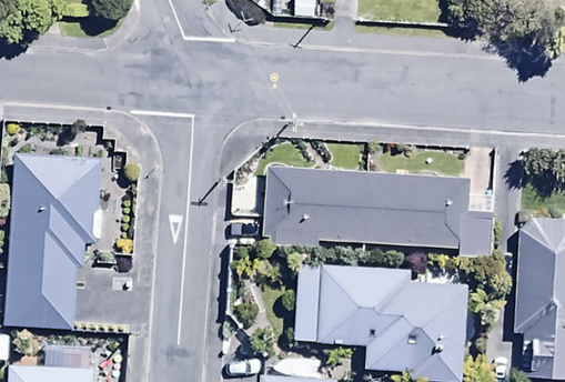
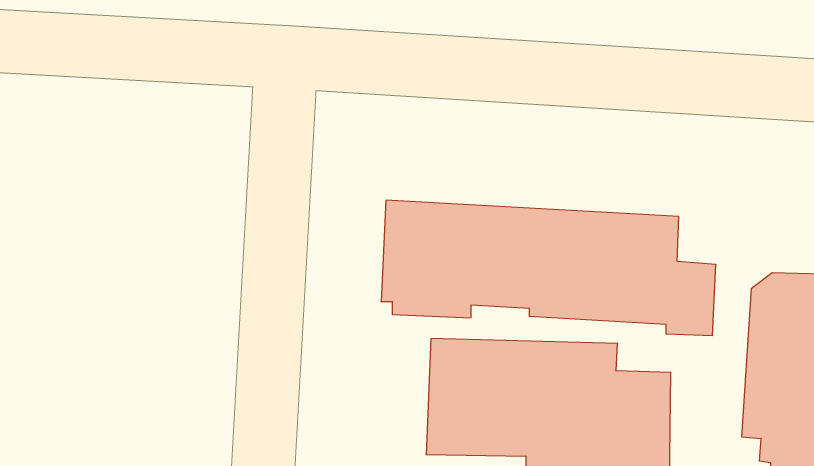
building: [8,157,103,329] -> none

